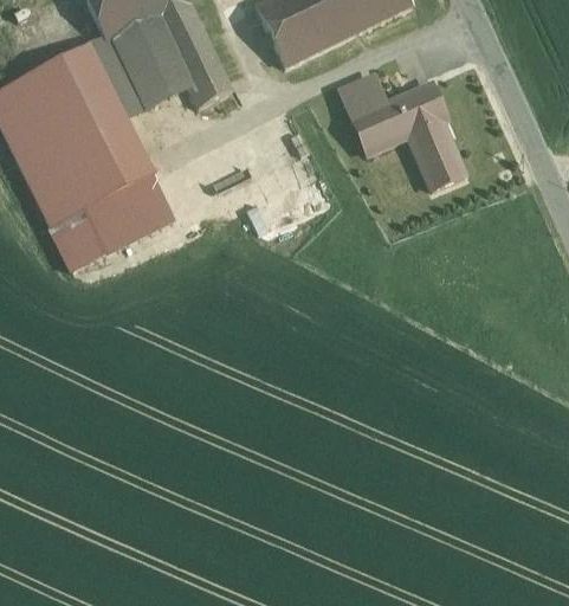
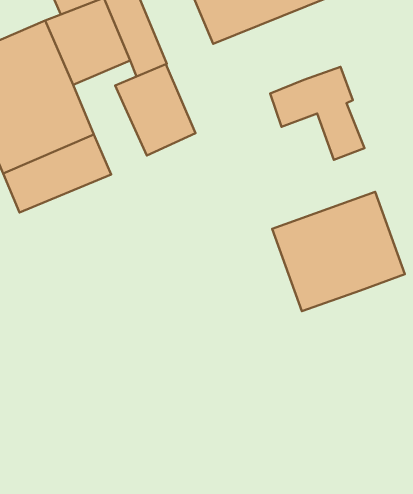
building: [338,70,389,117] -> none
building: none -> [115,64,196,156]
building: none -> [272,192,405,311]

